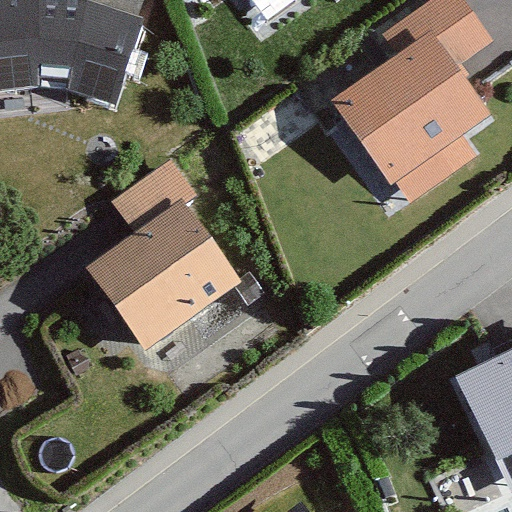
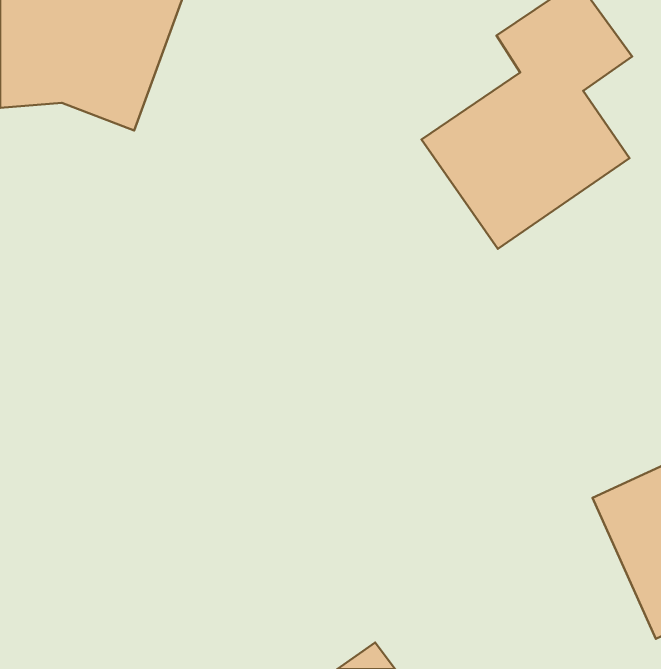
building: [76,158,243,358] -> none

